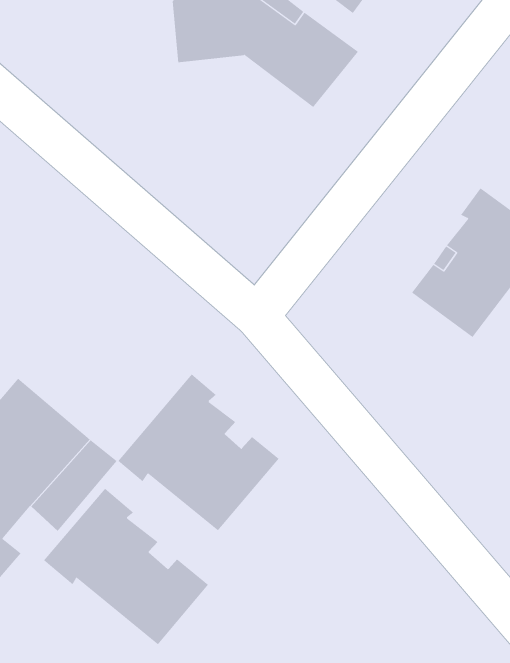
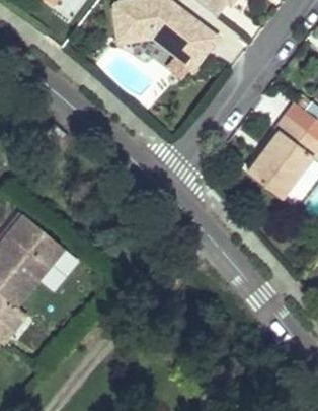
building: [118,374,279,531] -> none
building: [43,488,209,645] -> none

